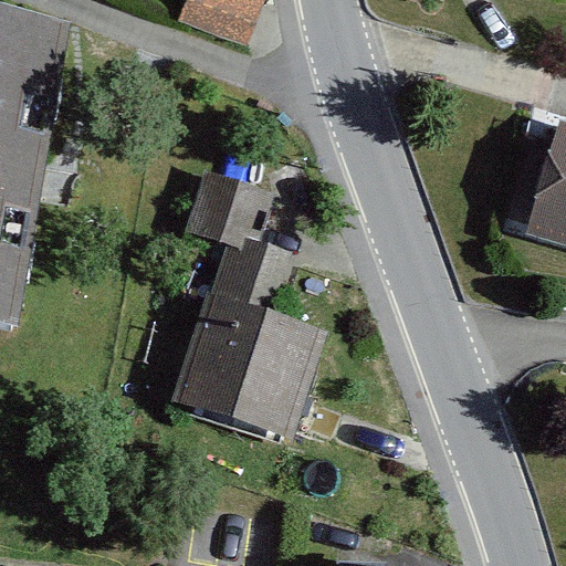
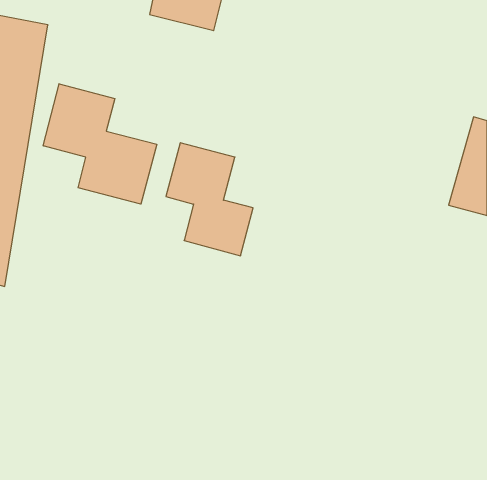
building: none -> [43,84,157,204]
building: [178,310,298,440] -> none

